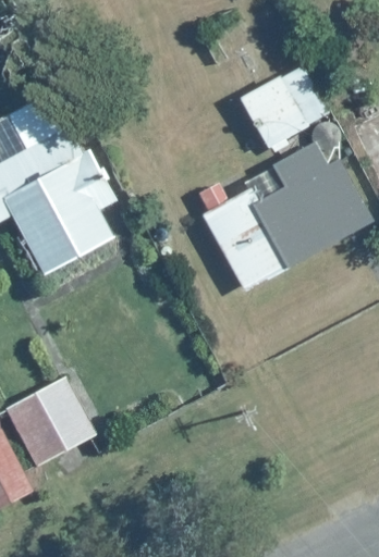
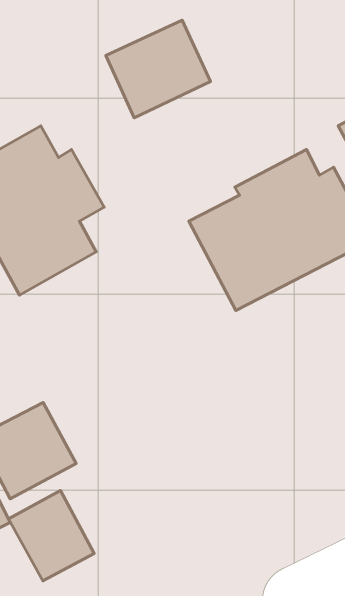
building: [236,63,333,153] -> [106,20,210,118]
building: none -> [9,491,94,581]

